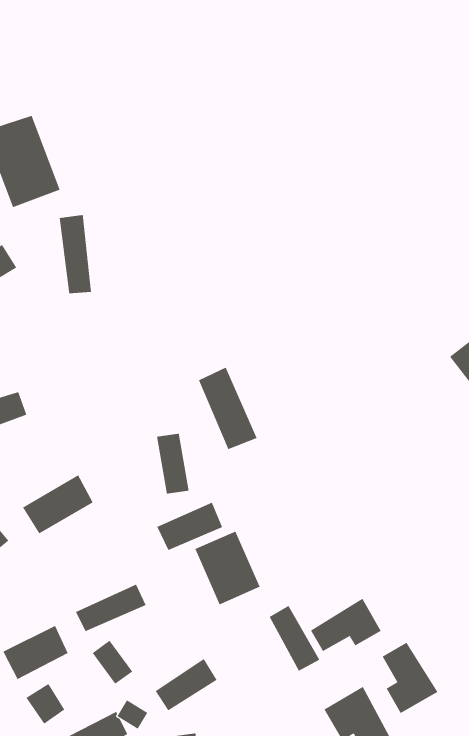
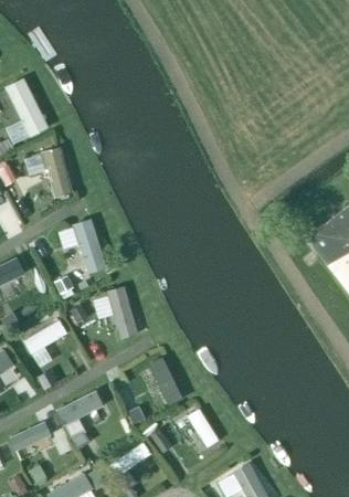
building: [198,367,258,450] -> [70,216,109,272]
building: [156,502,223,551] -> none
building: [310,598,382,652] -> none
building: [382,642,438,714] -> none

